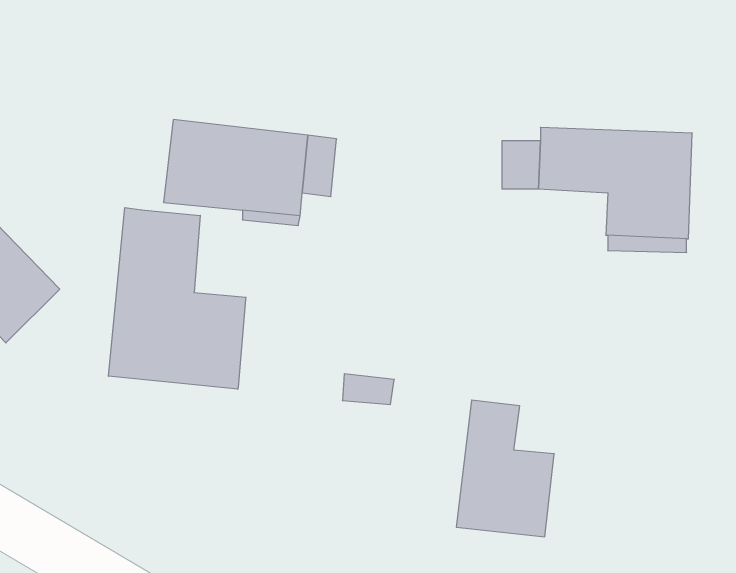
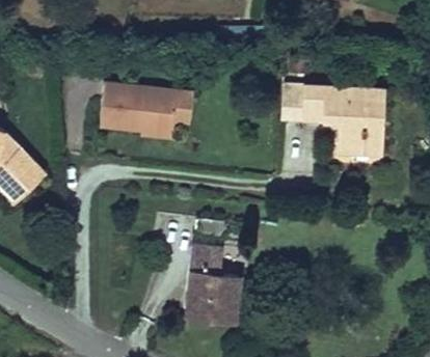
building: [108,208,246,389] -> none
building: [456,400,554,537] -> [186,247,239,321]

